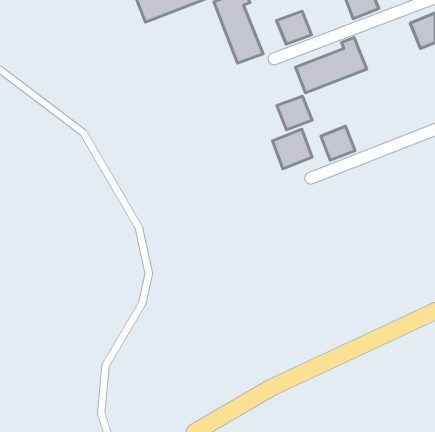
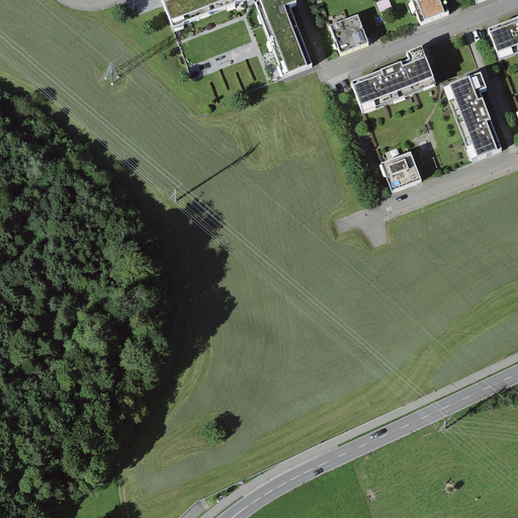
building: none -> [444,72,502,159]
building: [277,96,312,130] -> none
building: [273,129,312,169] -> none

